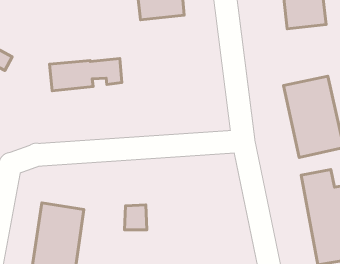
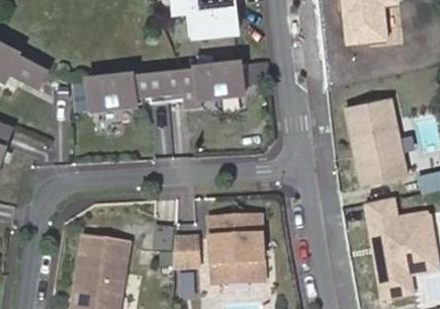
building: none -> [166,66,245,102]
building: none -> [207,215,261,282]

